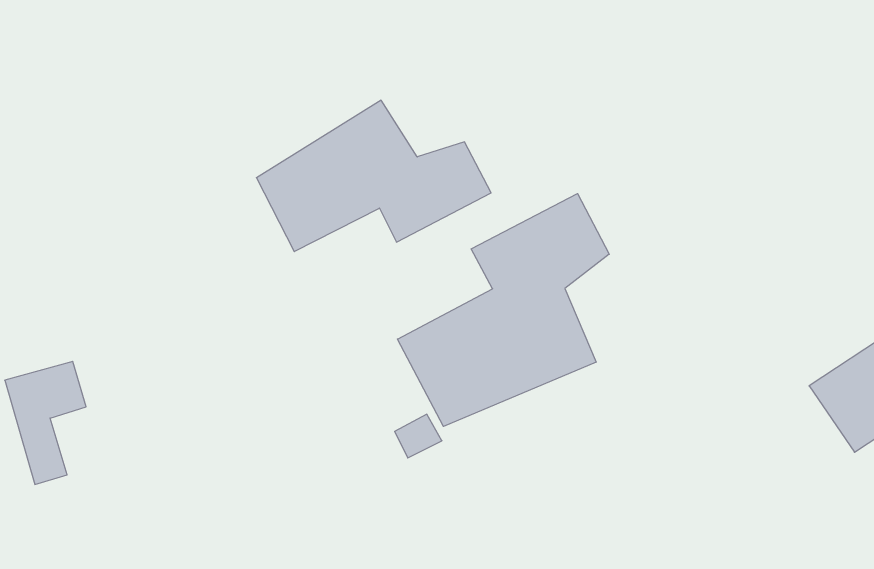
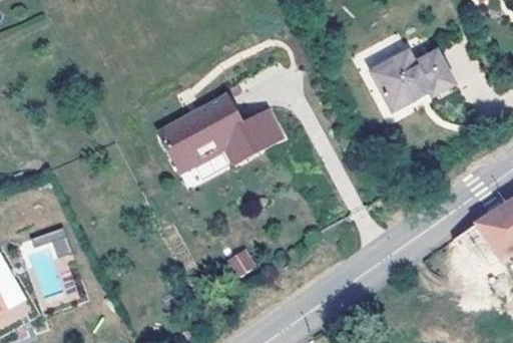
building: none -> [379,46,466,108]
building: [397,194,609,426] -> none

